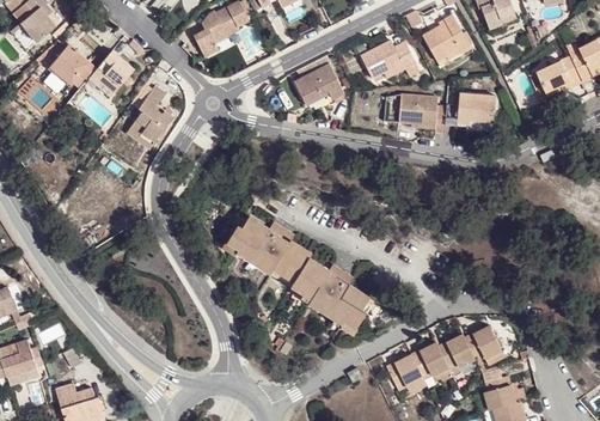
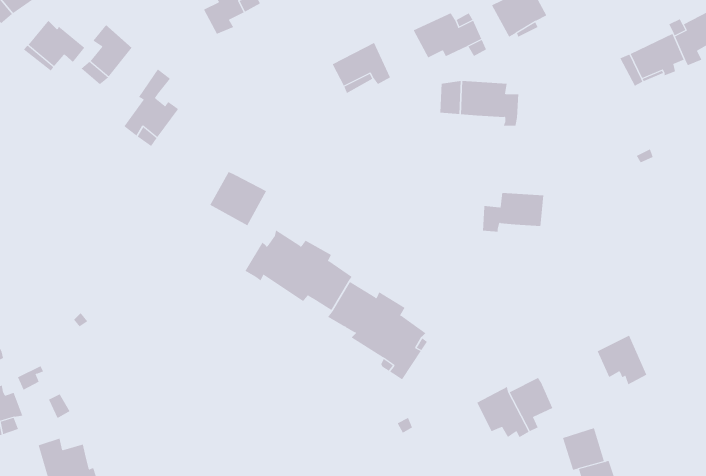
building: [445,93,495,126] -> [482,192,544,232]
building: none -> [210,171,267,226]
building: [464,325,504,366] -> [597,335,647,385]
building: [387,355,423,388] -> none

